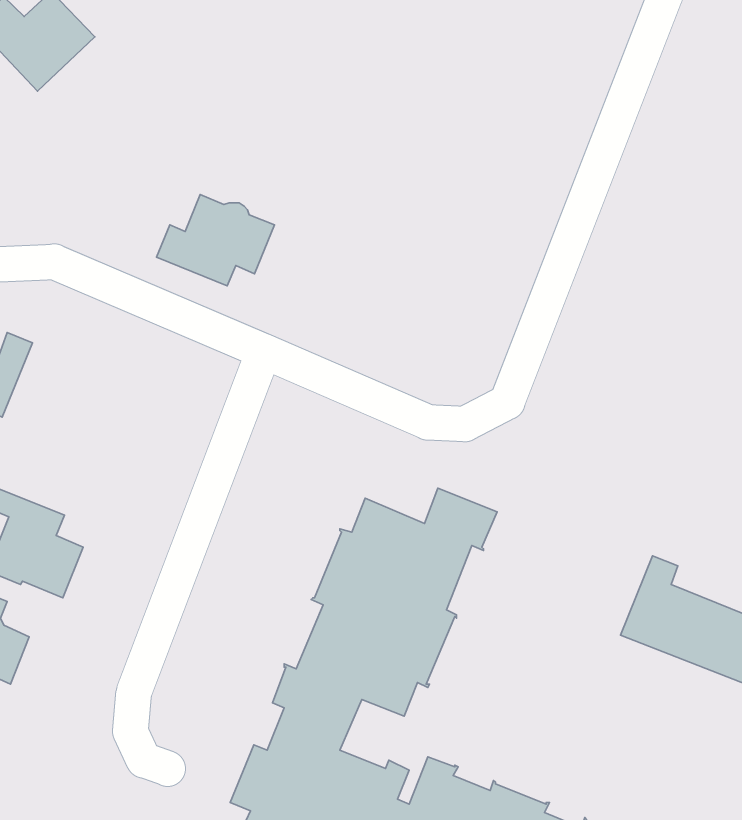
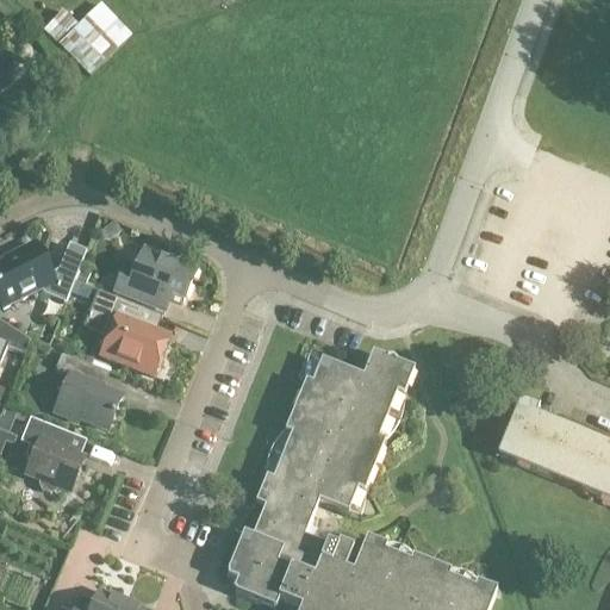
building: [156,194,275,286] -> [113,244,197,309]
building: none -> [83,288,169,372]

